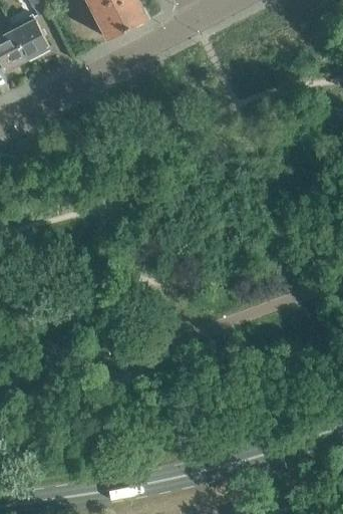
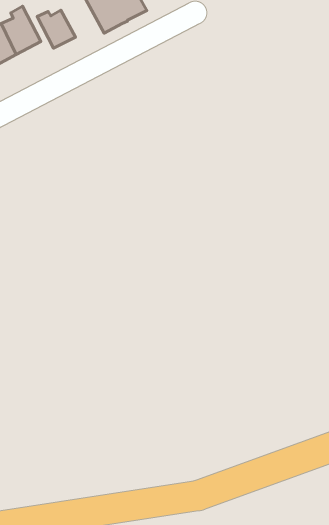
building: none -> [37,10,76,48]

